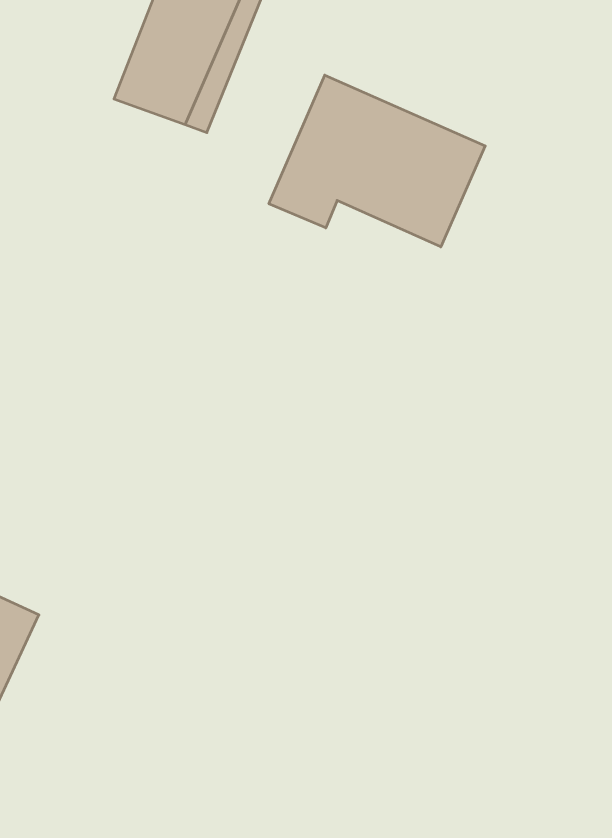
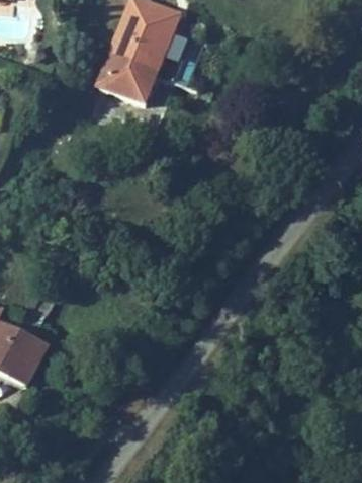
building: [269,75,485,247] -> none

